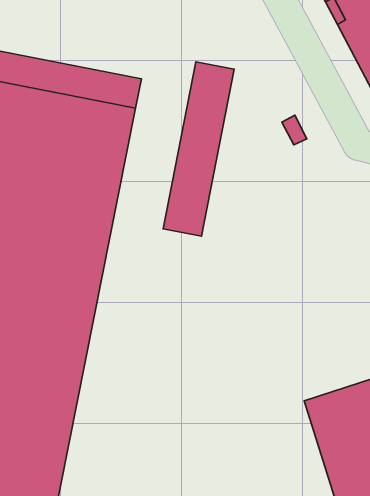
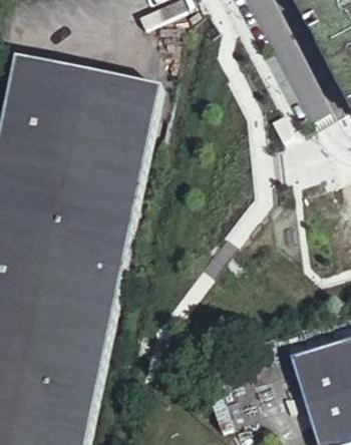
building: [163,62,234,236] -> none

